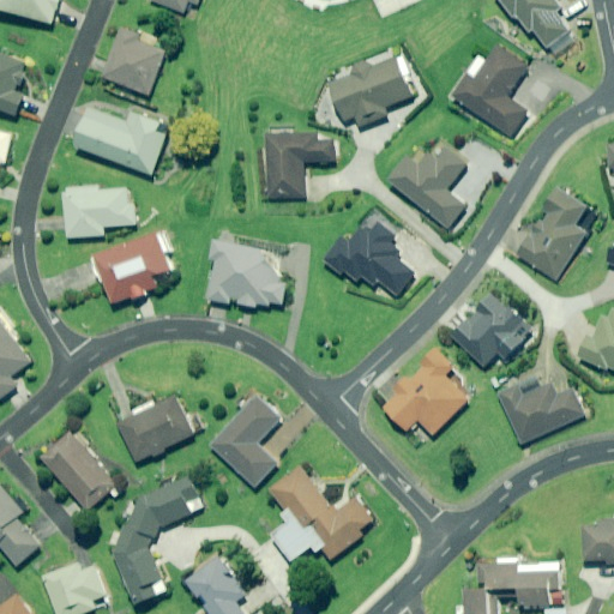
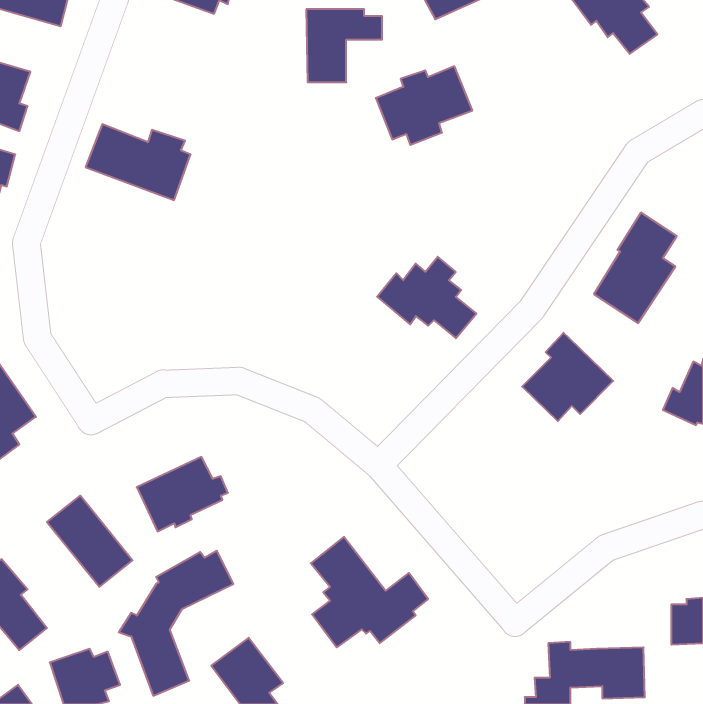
building: [102,30,167,95] -> none
building: [450,46,528,137] -> none
building: [265,134,331,198] -> [306,9,382,82]
building: [389,146,469,229] -> none
building: [62,186,136,237] -> none
building: [95,233,174,303] -> none
building: [207,241,285,308] -> none
building: [383,350,468,434] -> none
building: [499,383,585,444] -> none
building: [210,396,281,487] -> none

